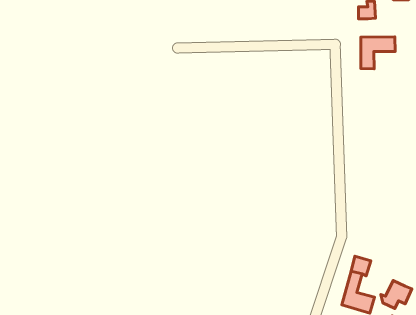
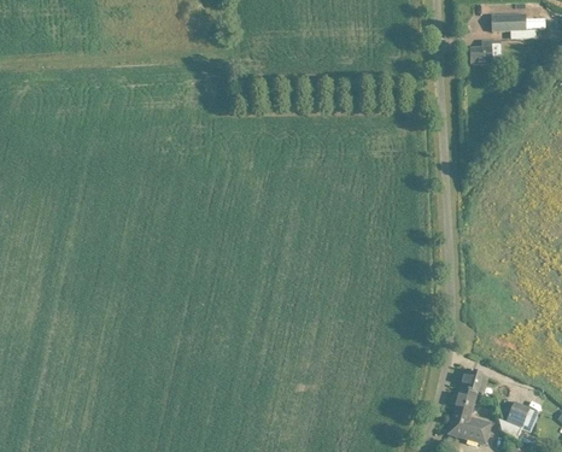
building: [361,37,395,69] -> none

